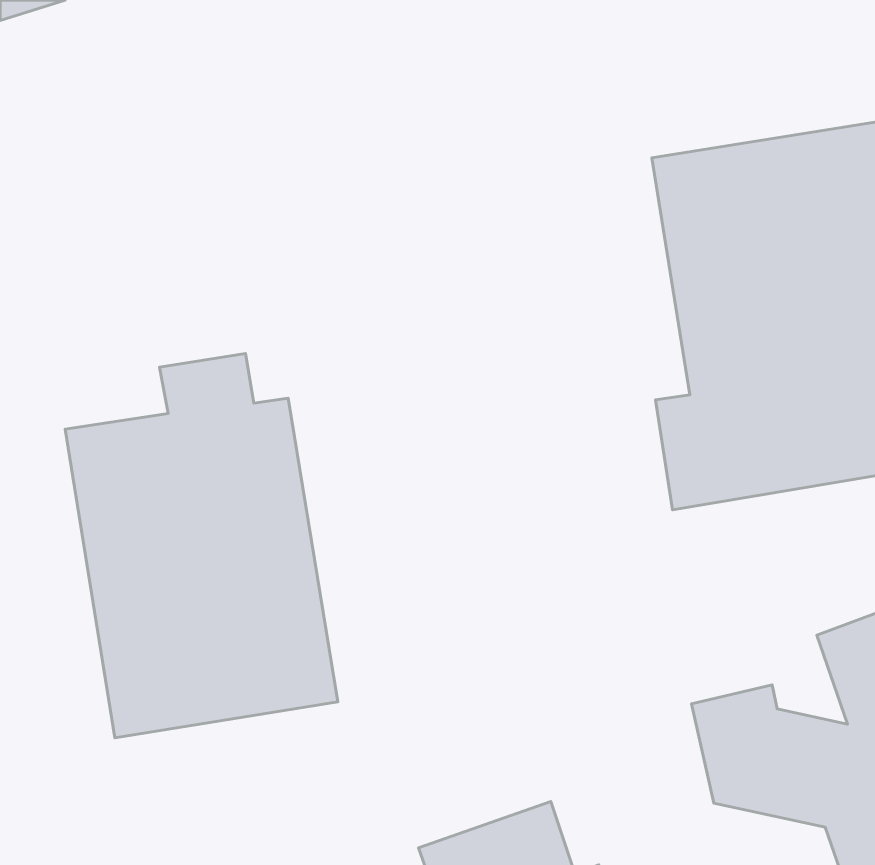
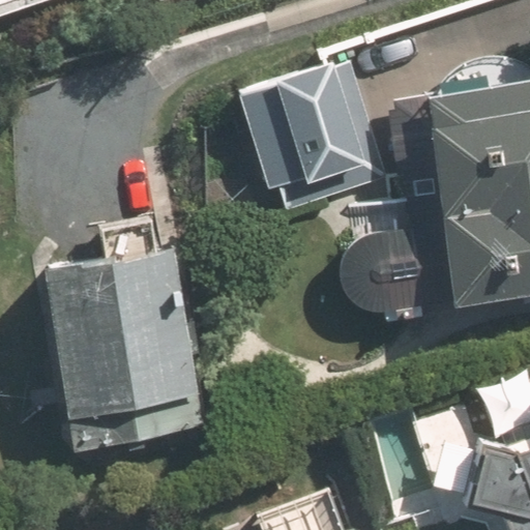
building: none -> [236,62,383,212]

